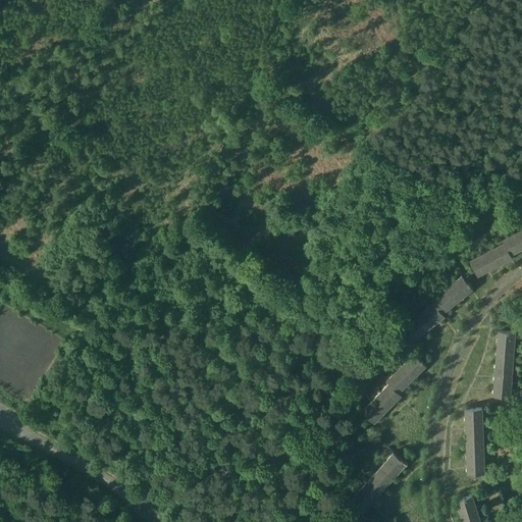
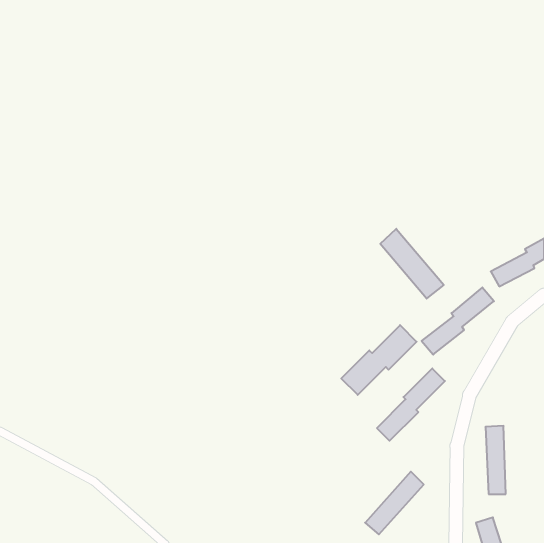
building: none -> [380,229,444,299]
building: none -> [341,325,417,395]
building: [493,331,515,398] -> none

